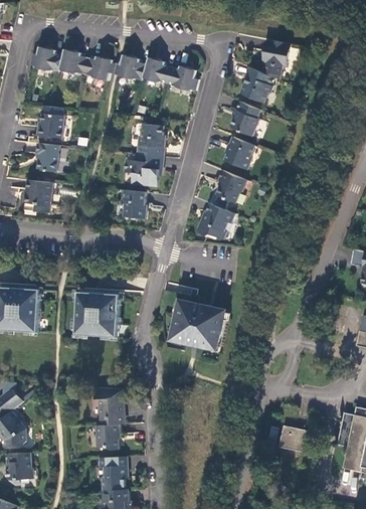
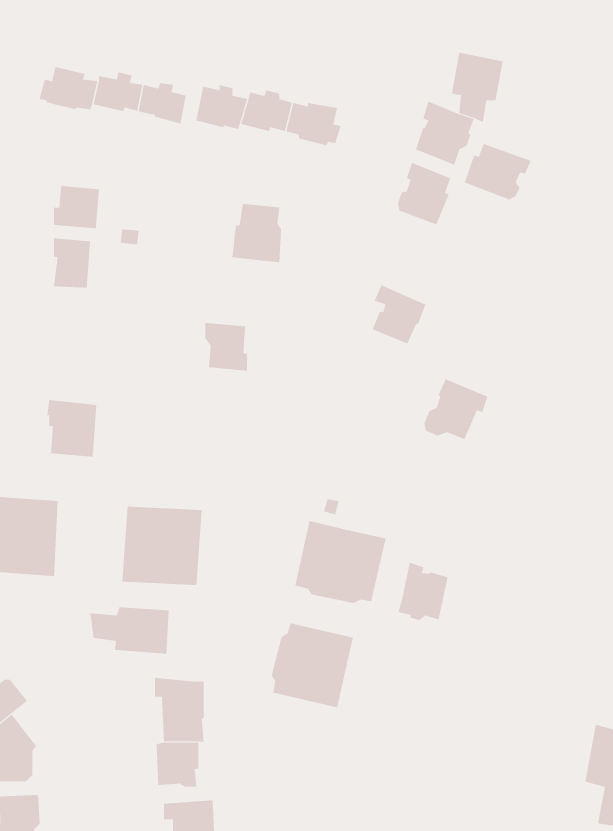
building: none -> [464,143,531,200]
building: [224,136,253,169] -> none
building: [124,153,165,187] -> none
building: [25,179,53,211] -> [47,399,97,457]
building: [198,202,234,236] -> [423,379,488,440]
building: none -> [398,562,448,621]
building: none -> [89,606,169,655]
building: none -> [271,623,354,708]
building: [279,427,314,453] -> none

